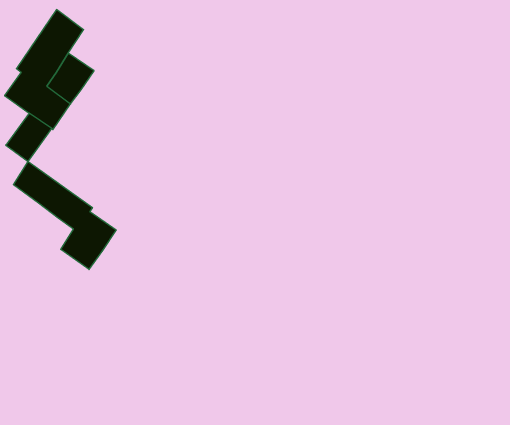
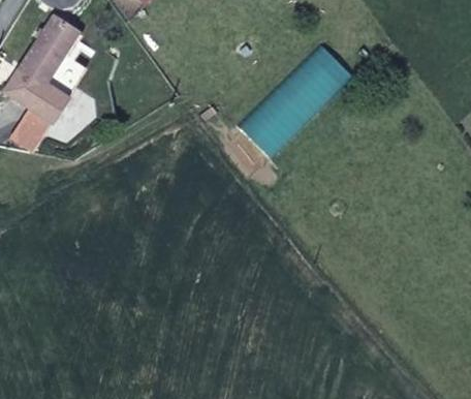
building: [13,162,116,270] -> none

